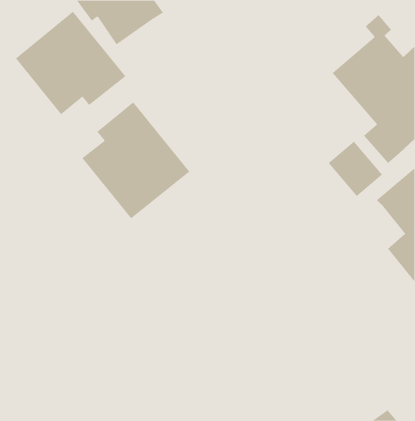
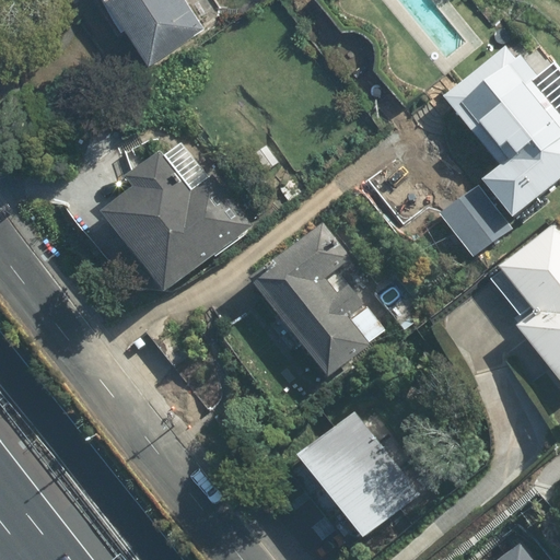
building: [15,11,126,115] -> none
building: none -> [250,229,373,377]
building: none -> [283,410,427,549]

